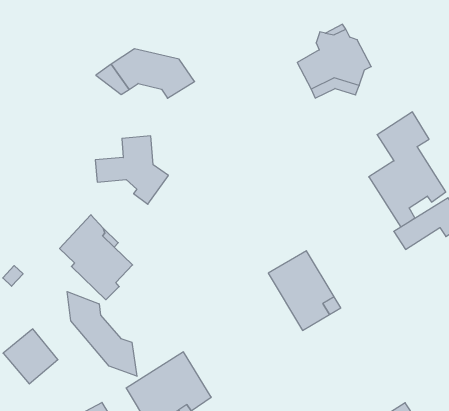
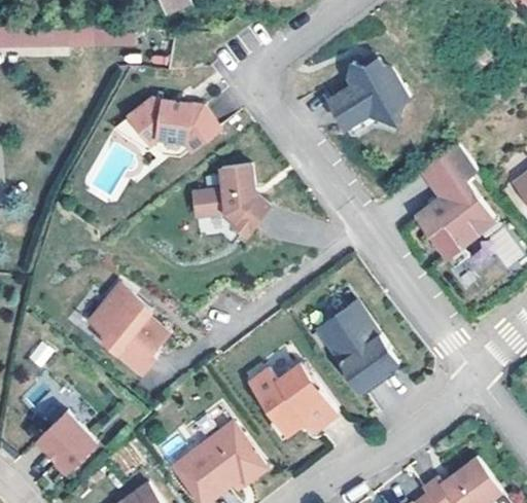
building: [95,136,168,204] -> [187,165,268,239]
building: [67,292,137,376] -> none
building: none -> [247,362,338,438]

